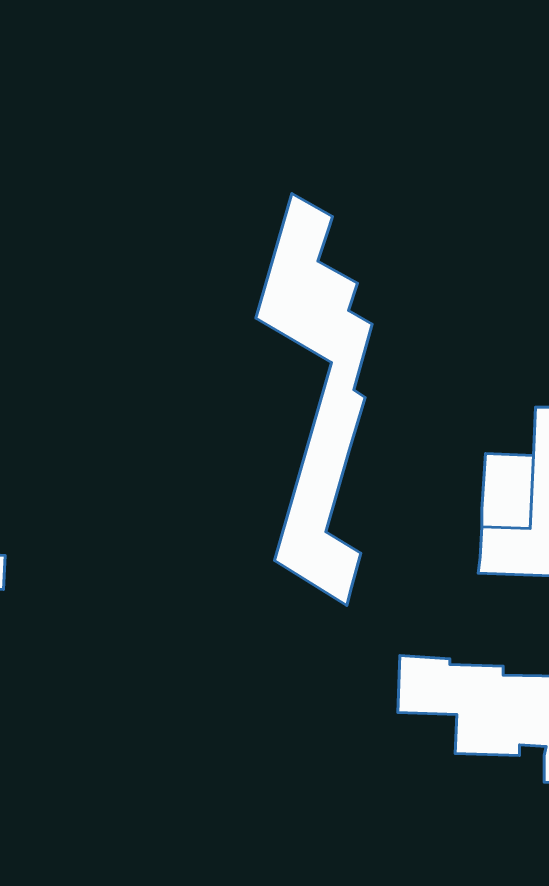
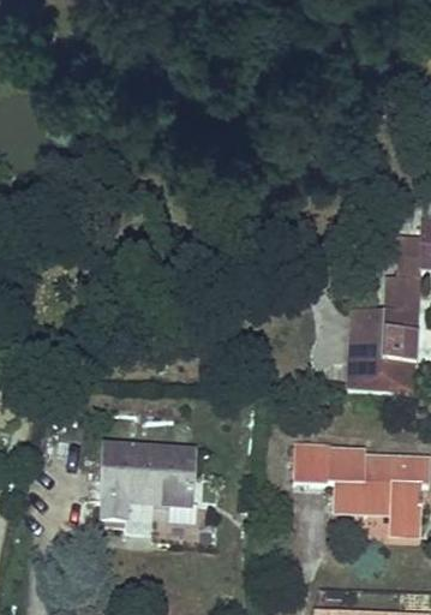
building: [256,194,372,605] -> none
building: none -> [102,446,193,519]

